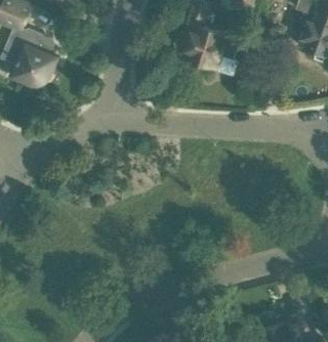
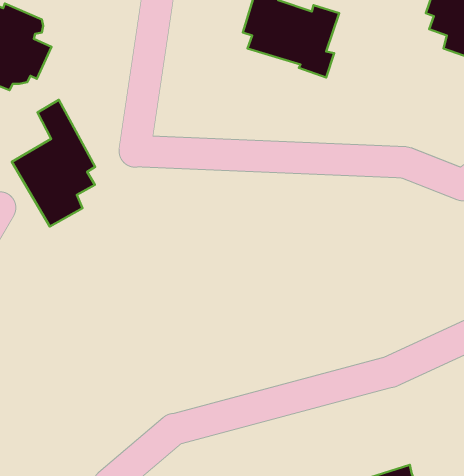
building: none -> [12,100,95,226]

